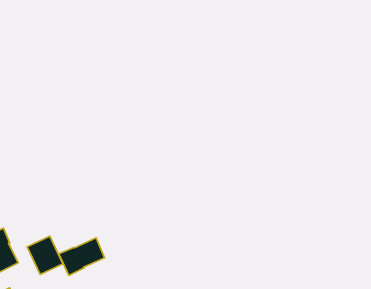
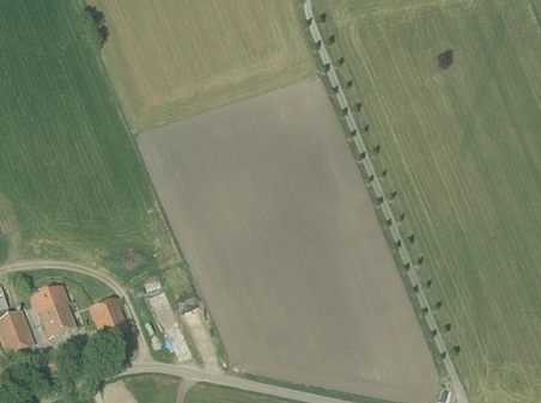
building: [59,238,104,275] -> none

